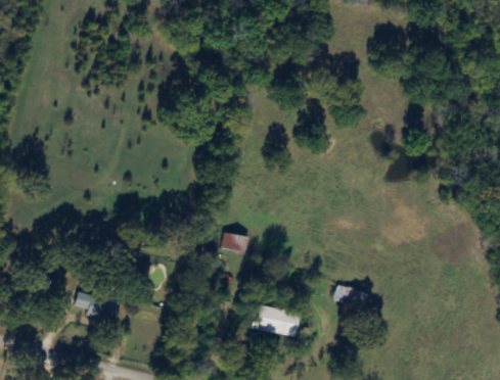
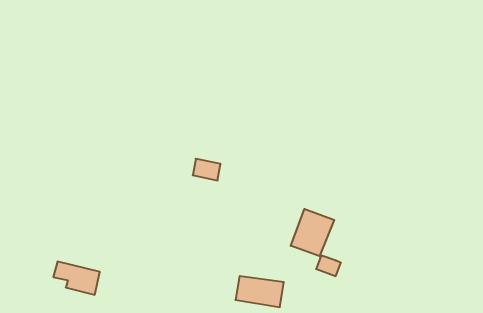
building: [221,232,248,253] -> [193,159,221,180]
building: none -> [291,209,334,256]

